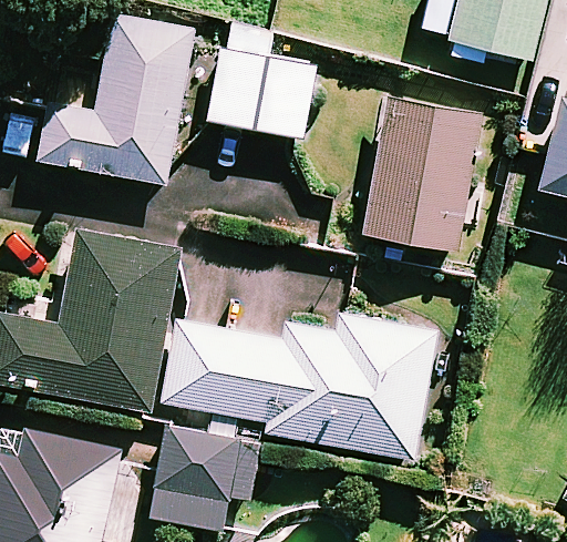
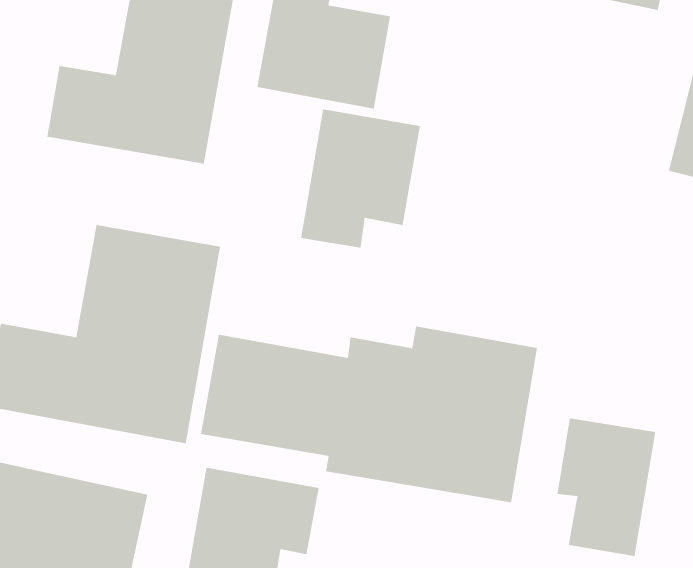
building: [364,98,482,250] -> none
building: none -> [301,109,421,248]
building: none -> [557,418,656,557]

